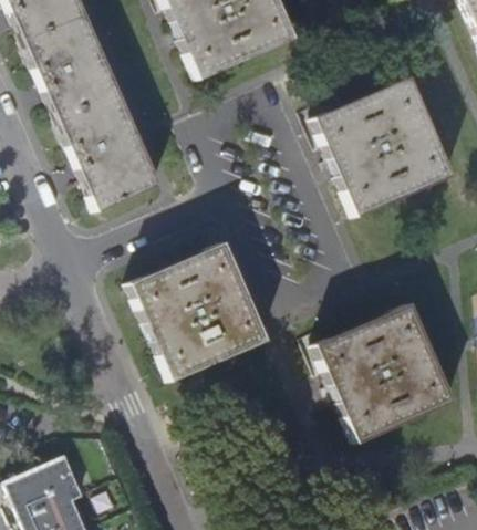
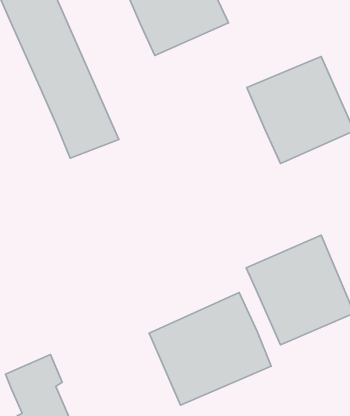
building: [131,240,267,377] -> none
building: none -> [149,292,271,405]

